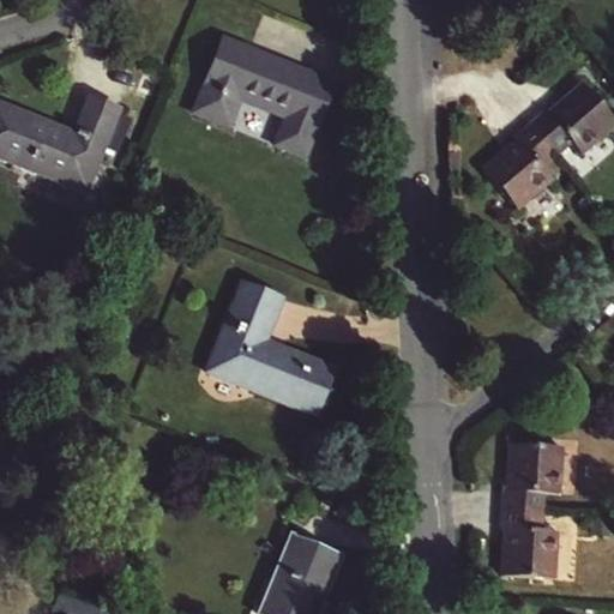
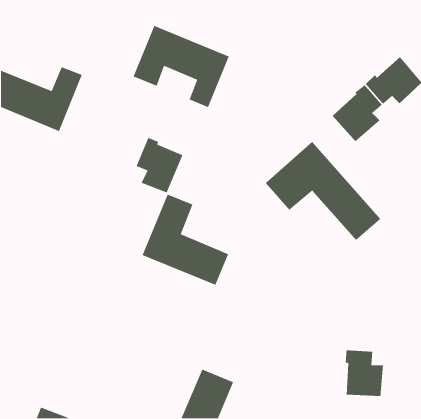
building: none -> [136,137,183,193]
building: none -> [265,141,381,241]
building: [504,441,564,510] -> none

